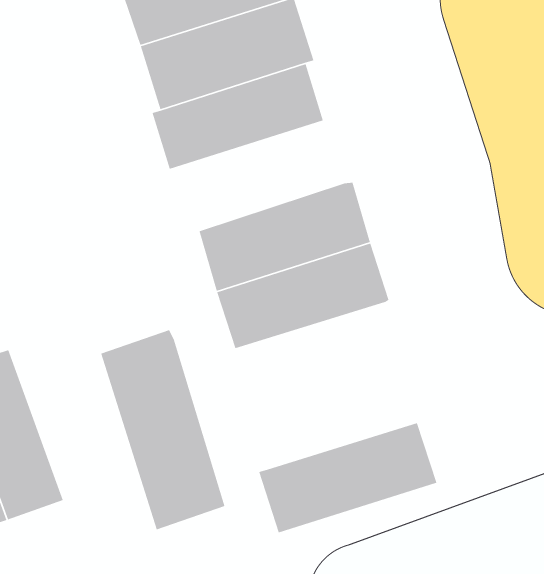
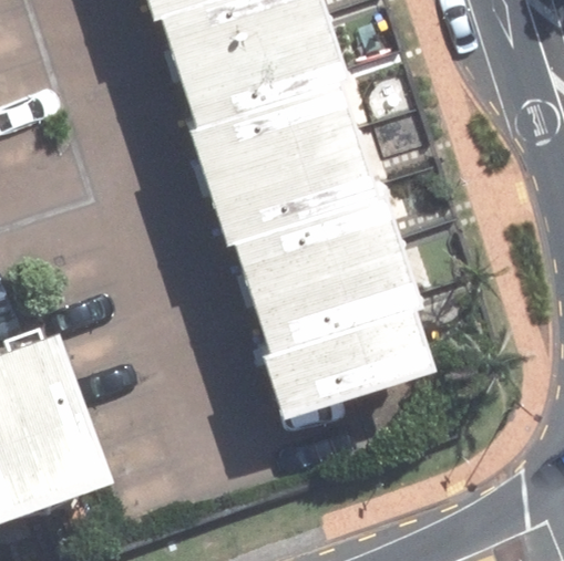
building: none -> [197,116,362,221]
building: [100,329,225,530] -> none
building: [258,422,437,533] -> [252,288,421,393]

